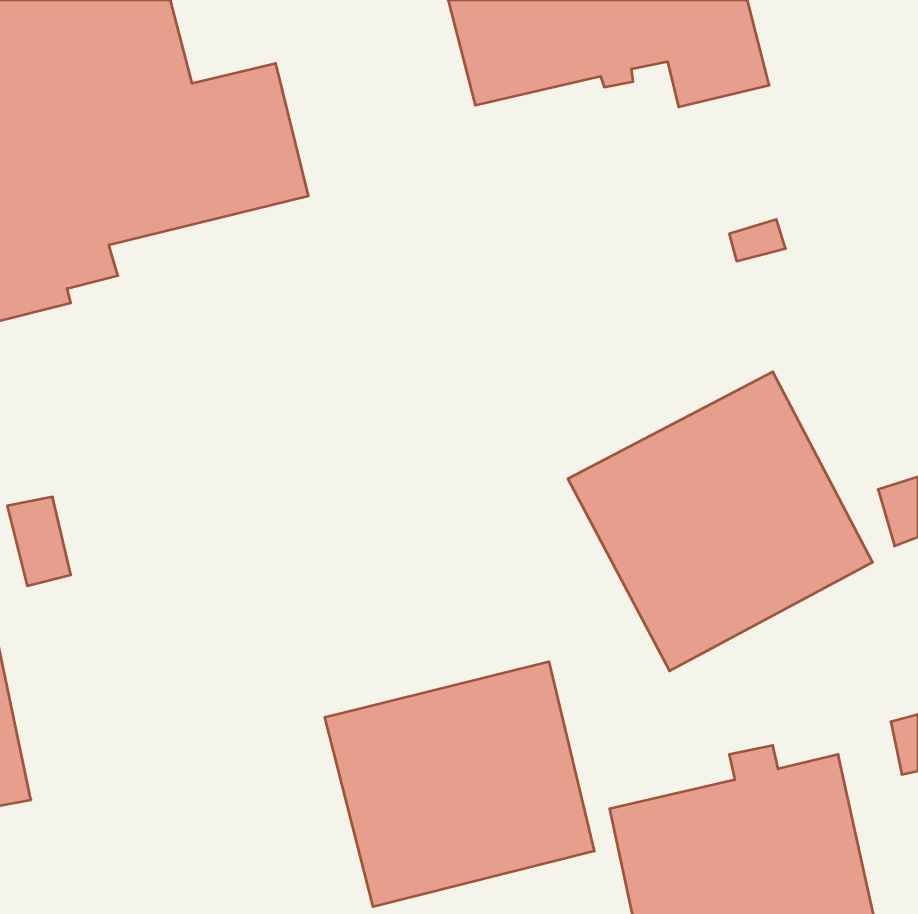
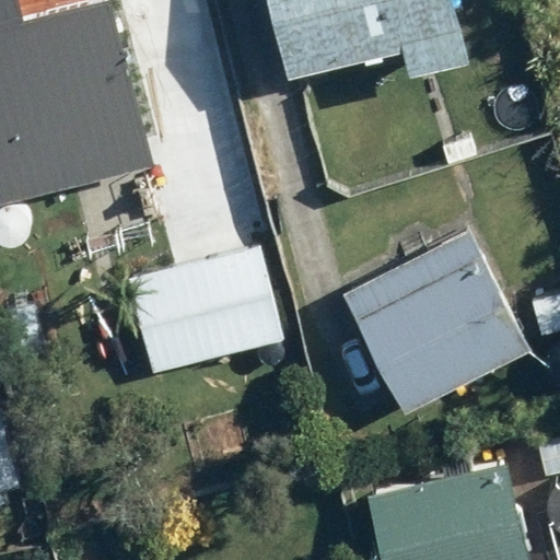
building: none -> [130,247,281,372]
building: [325,662,594,907] -> none

